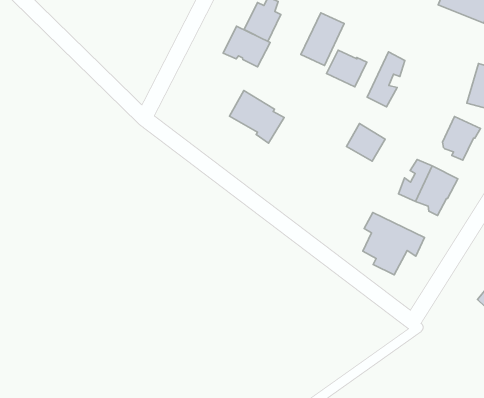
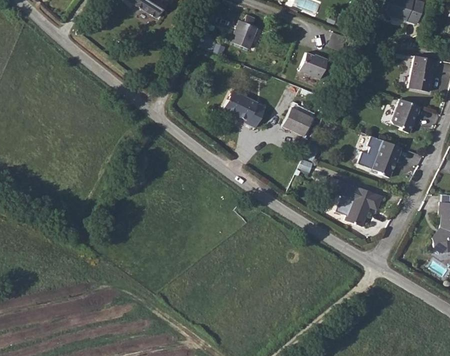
building: [301,13,344,65] -> none
building: [223,26,270,67] -> none
building: [367,52,405,107] -> none
building: [347,123,385,161] -> [282,107,312,136]

